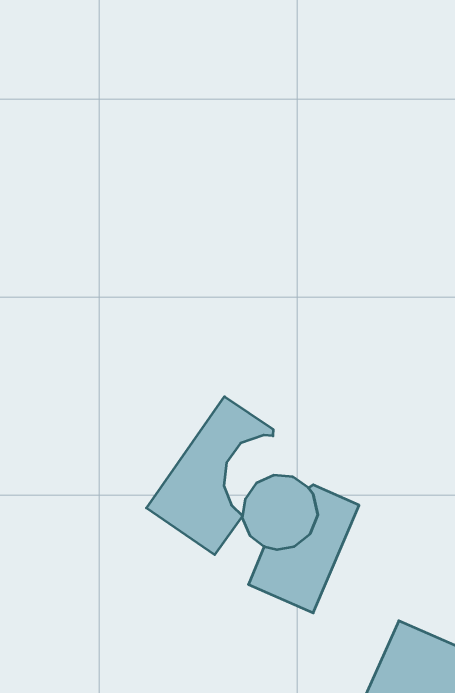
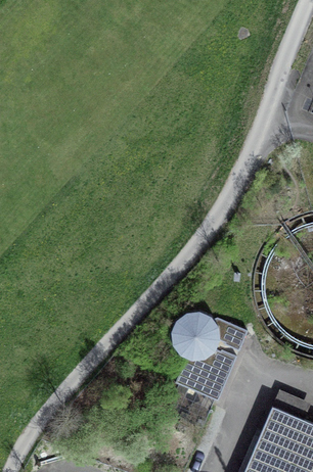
building: [146,397,273,555] -> none

